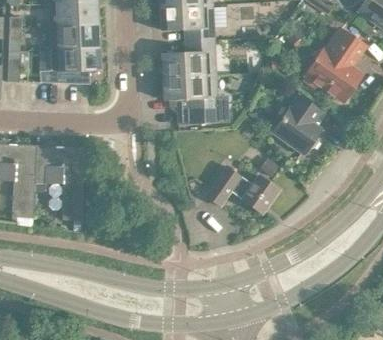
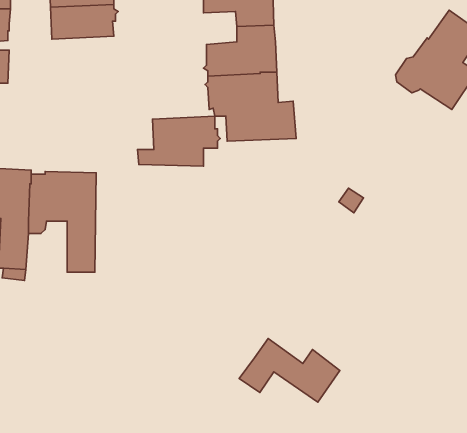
building: [40,48,100,84] -> [137,116,220,166]
building: [272,95,323,154] -> none
building: [205,166,278,213] -> [239,339,340,402]

